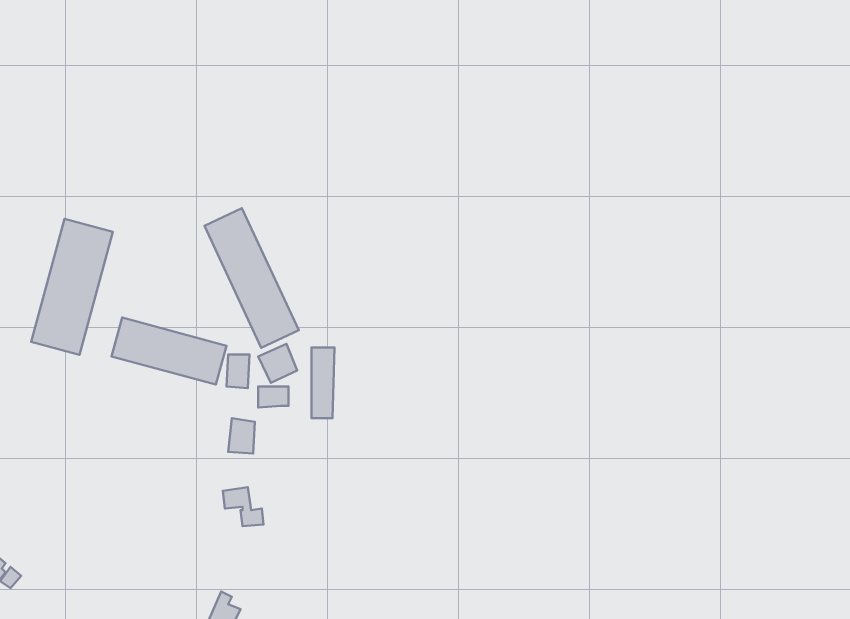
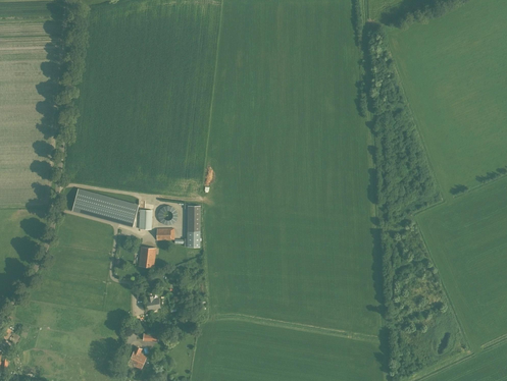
building: [204,208,299,348] -> none
building: [31,219,113,355] -> none

